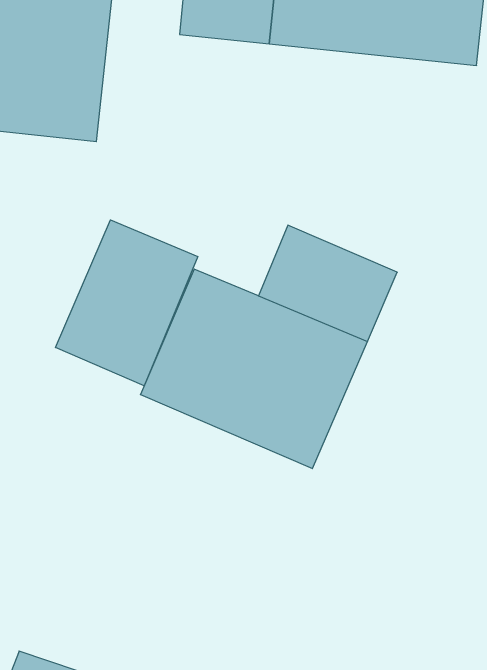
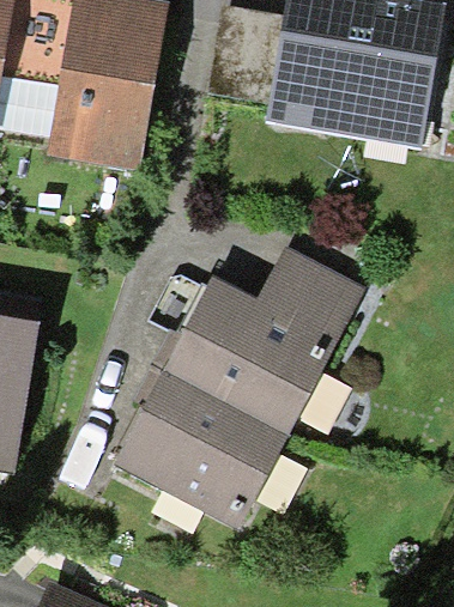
building: [56,220,198,386] -> none
building: none -> [109,369,287,529]

